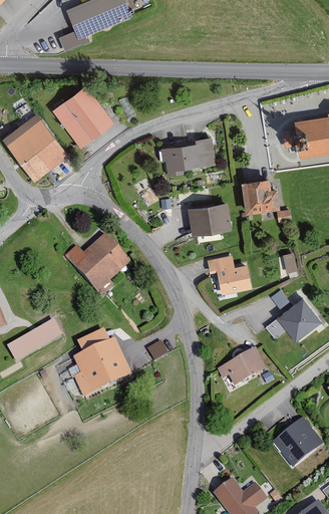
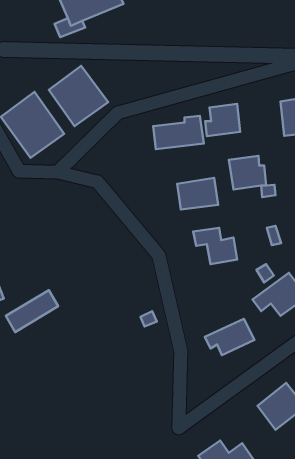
building: none -> [205,104,240,136]
building: [60,234,128,296] -> none
building: [73,328,131,396] -> none

